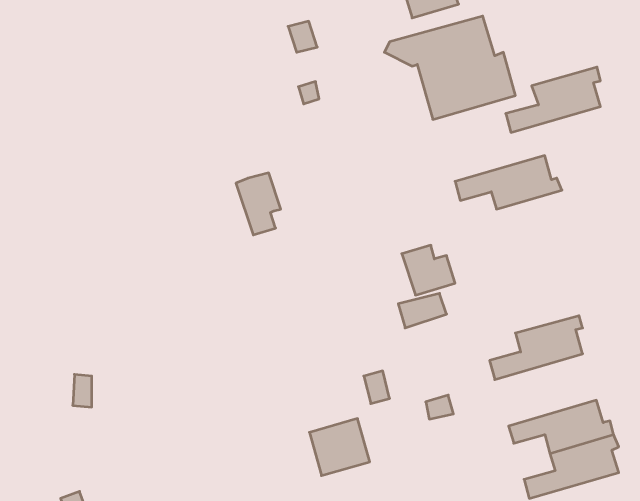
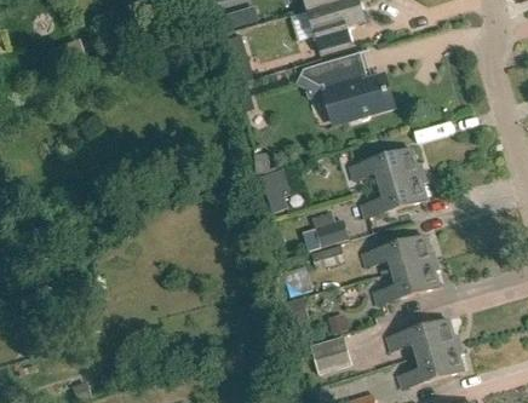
building: [506,67,600,132] -> [360,172,426,218]
building: [236,173,281,235] -> [259,168,291,212]
building: none -> [361,235,436,272]
building: [309,419,370,476] -> [310,334,352,374]

